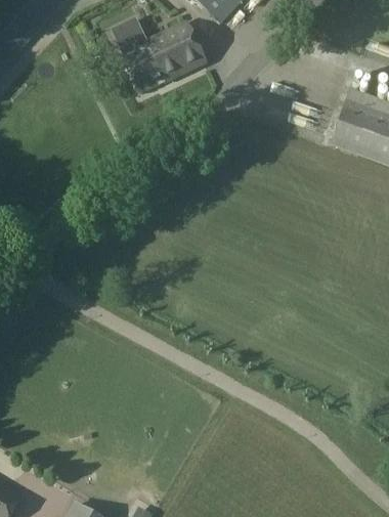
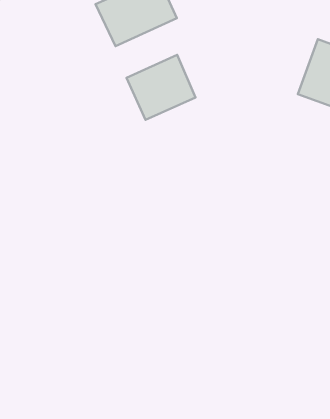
building: none -> [127,55,196,120]

